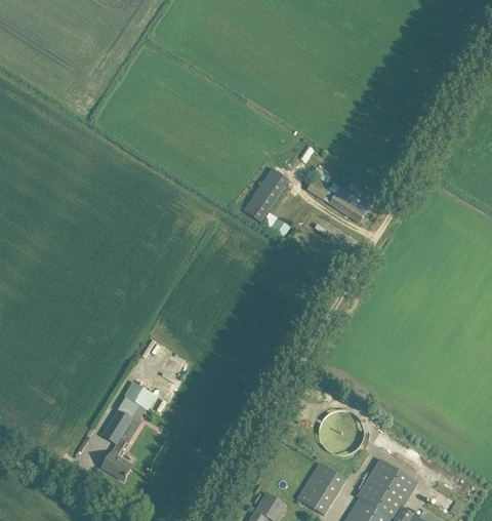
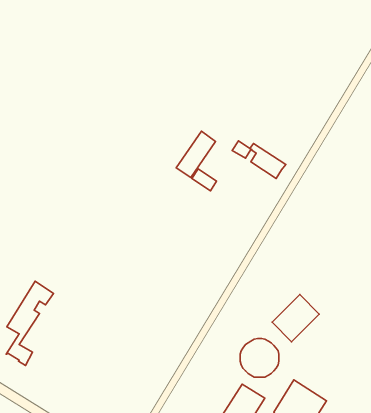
building: none -> [272,295,319,342]
building: [100,383,156,481] -> [6,281,54,365]

